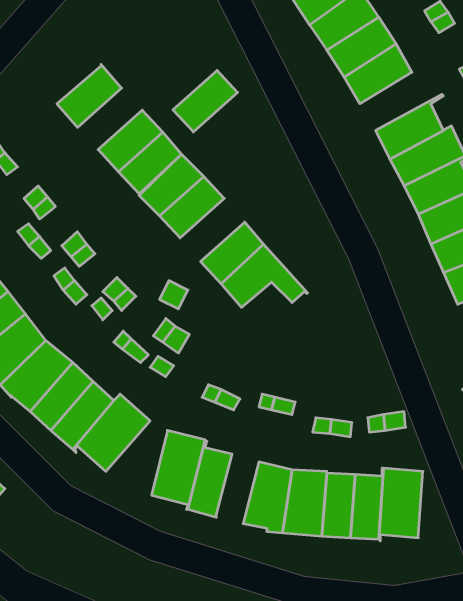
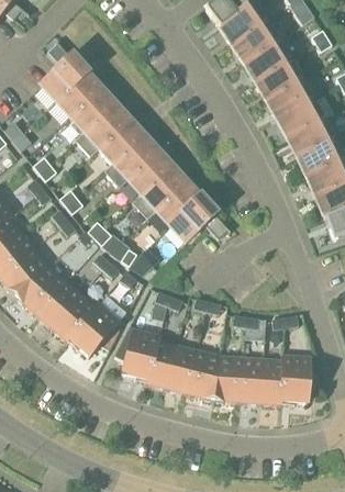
building: none -> [41,56,86,100]
building: none -> [266,72,323,119]
building: [173,70,238,132] -> [69,89,114,132]
building: none -> [141,166,186,210]
building: none -> [166,344,196,392]

